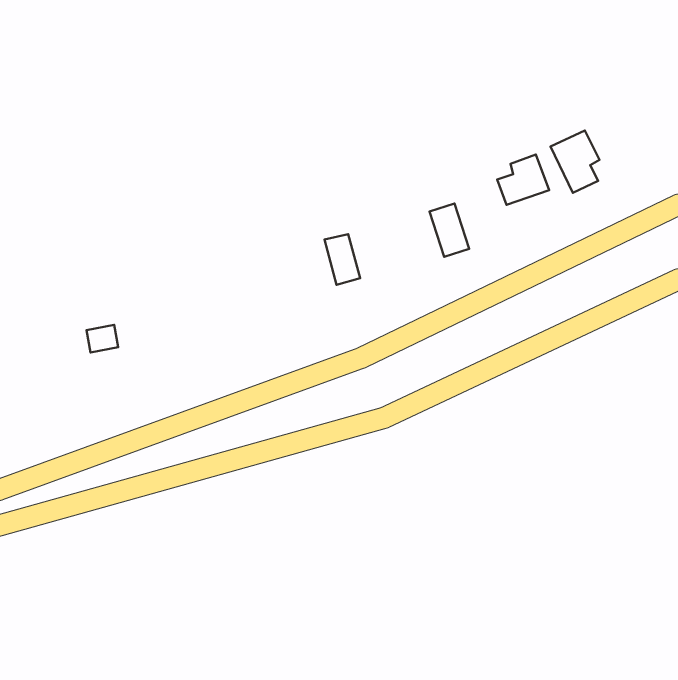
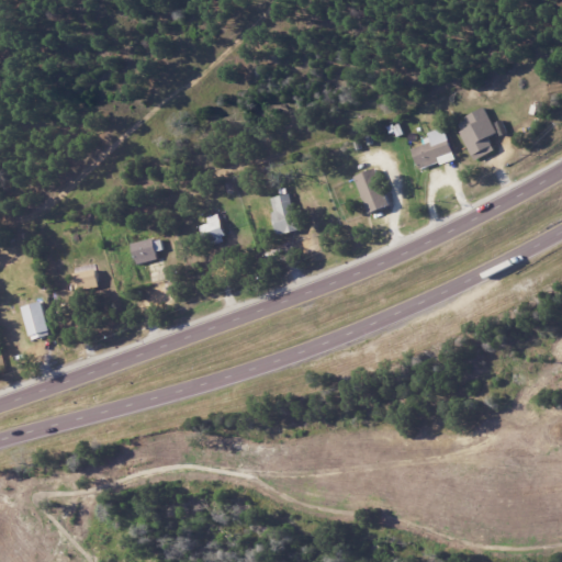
building: none -> [201,213,224,244]
building: none -> [131,236,161,263]
building: none -> [22,301,48,337]

